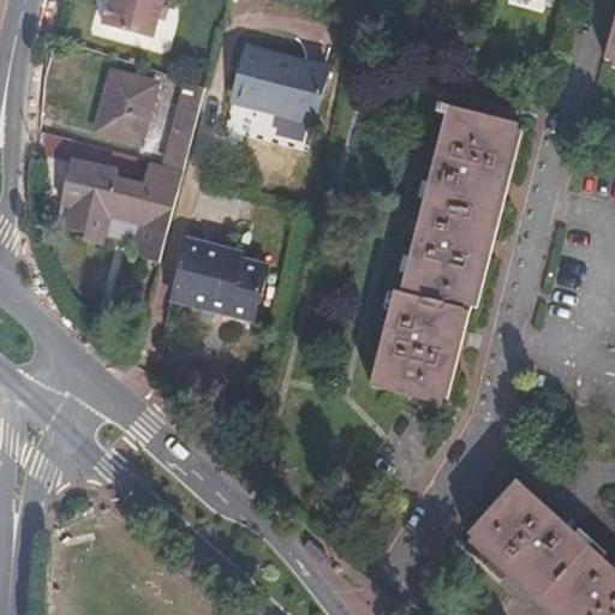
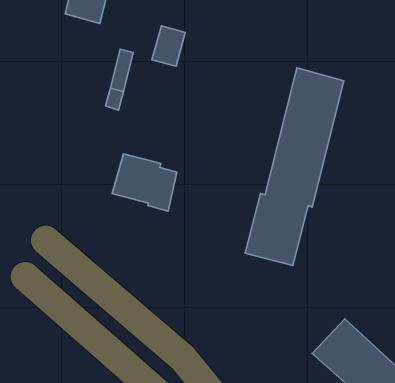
building: [267,55,327,123] -> none
building: [95,72,153,141] -> none
building: [52,160,180,267] -> none

